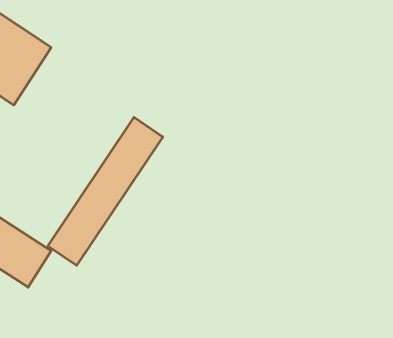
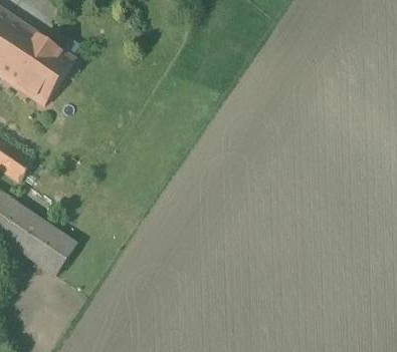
building: [48,117,163,265] -> none

